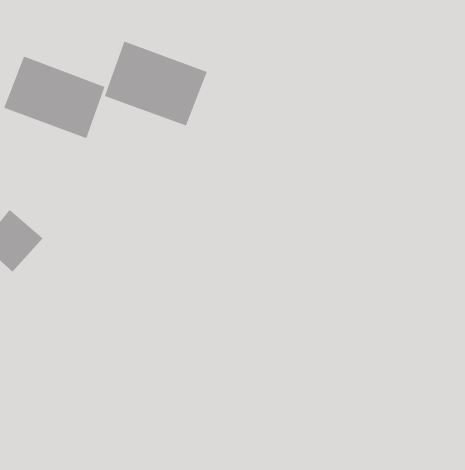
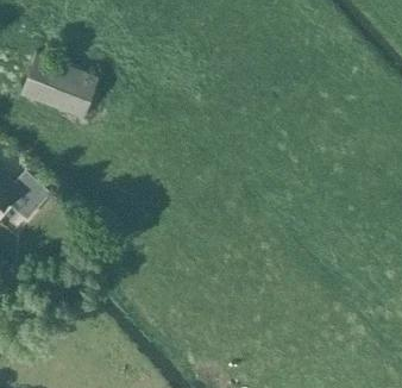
building: [104,40,208,126] -> none

